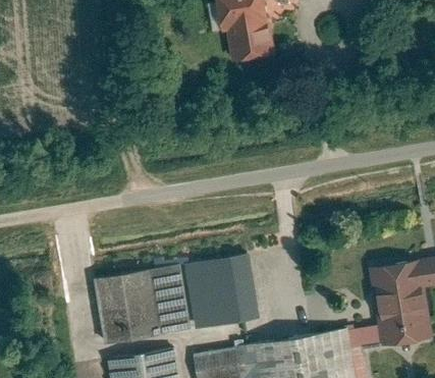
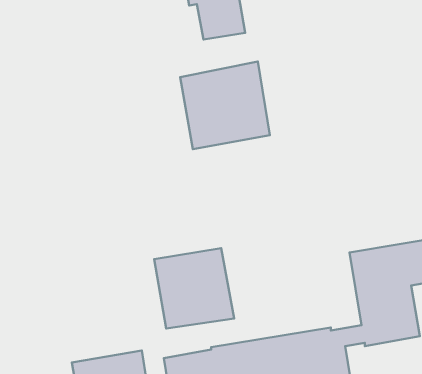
building: none -> [180,62,270,149]
building: [94,265,191,345] -> none

